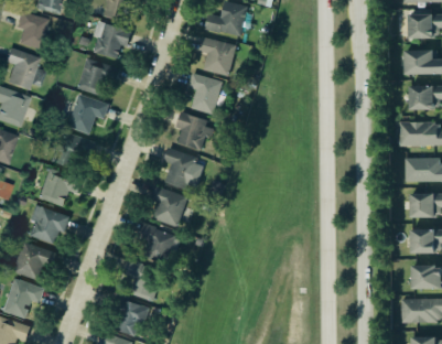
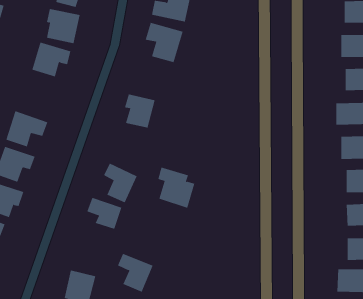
building: [185,72,224,119] -> none
building: [65,94,107,135] -> none
building: [164,149,204,193] -> [158,167,195,208]
building: [125,260,163,302] -> [117,253,154,293]

